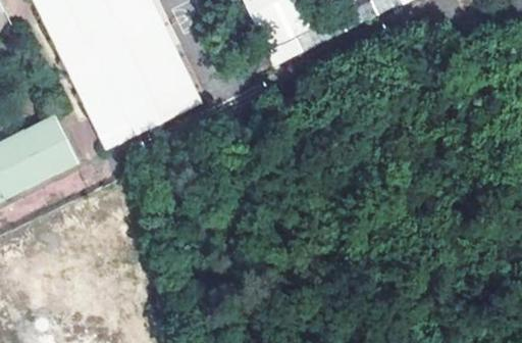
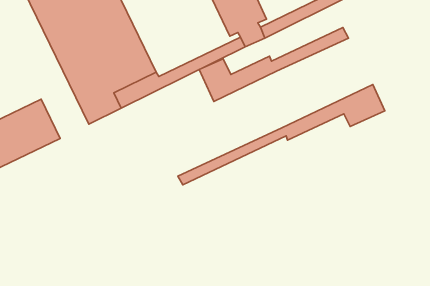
building: none -> [199,28,348,101]
building: none -> [178,84,385,185]

